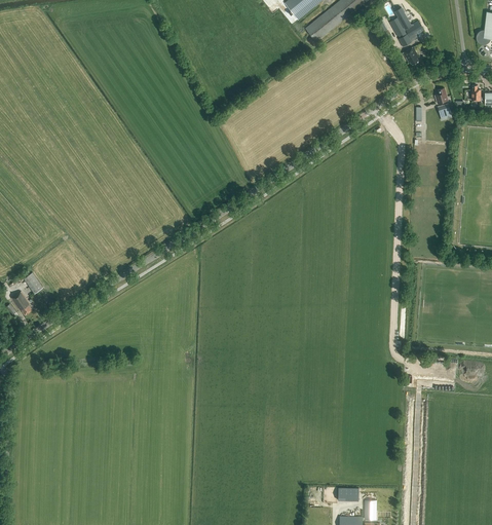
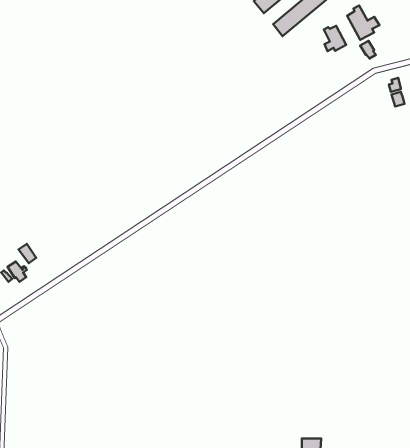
building: none -> [324,26,346,51]

